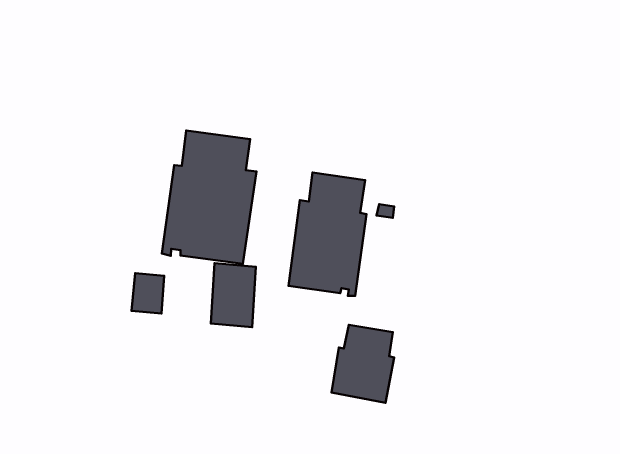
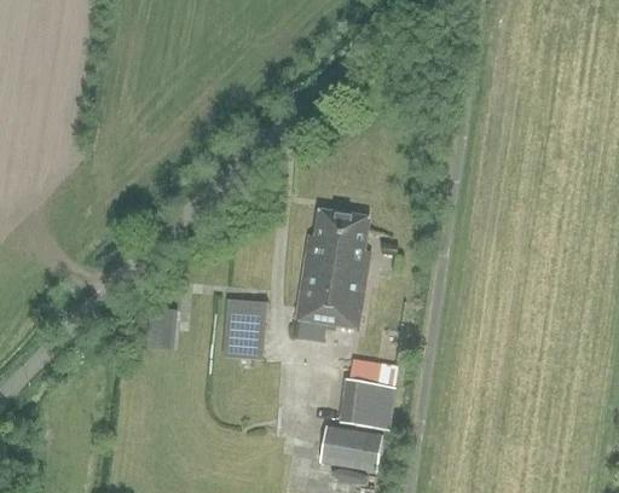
building: [162,130,256,264] -> none
building: none -> [319,427,382,472]

